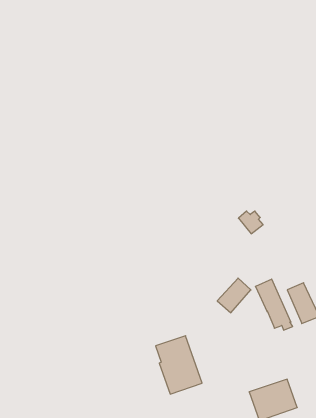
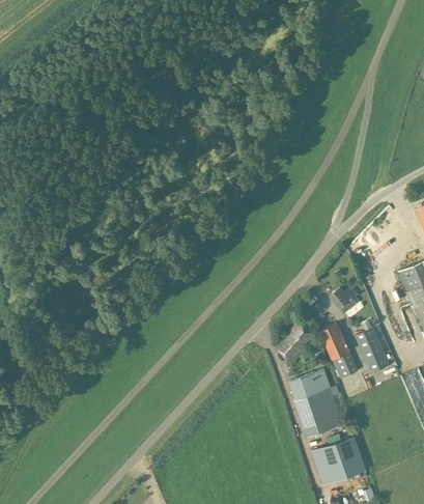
building: [238,211,263,234] -> [330,287,358,313]
building: [156,336,202,394] -> [289,369,342,436]

